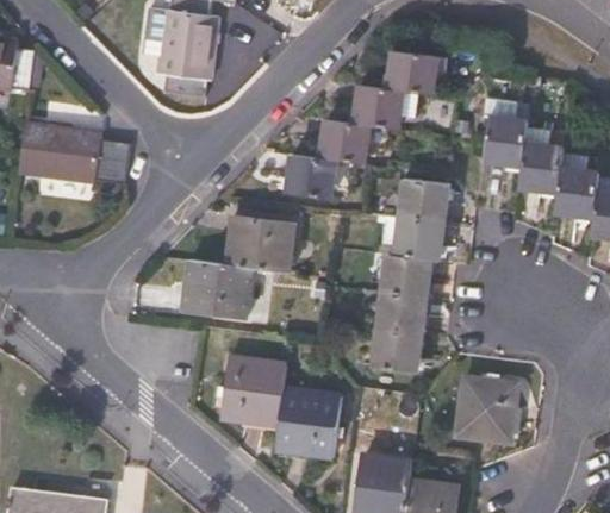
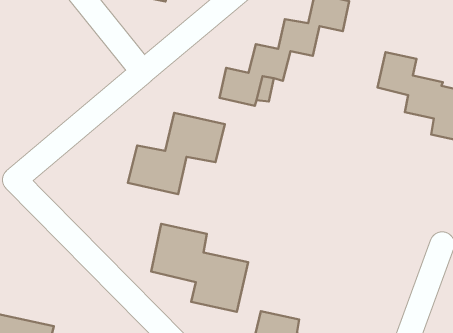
building: [17,120,126,182] -> none
building: [372,180,448,373] -> none
building: [455,376,517,444] -> none

